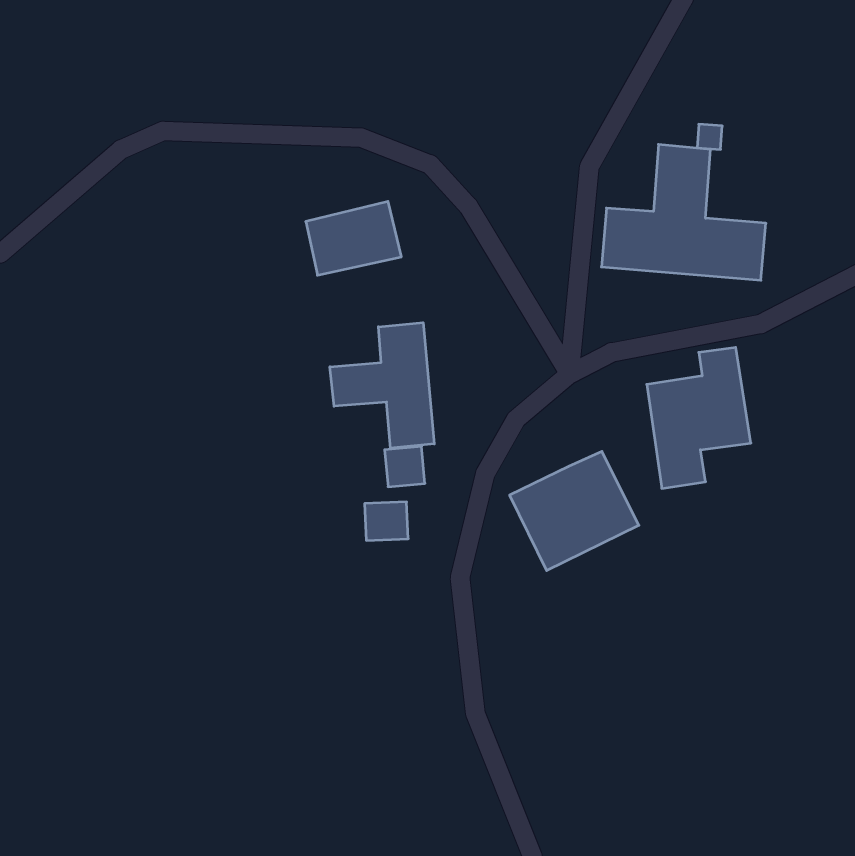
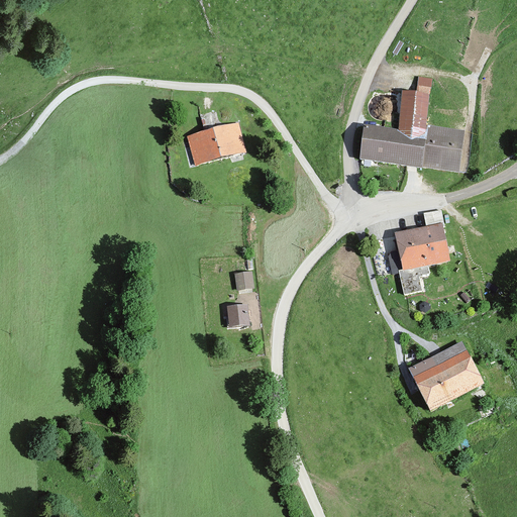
building: [330,323,434,448] -> none
building: [510,451,639,571] -> [404,340,482,412]

